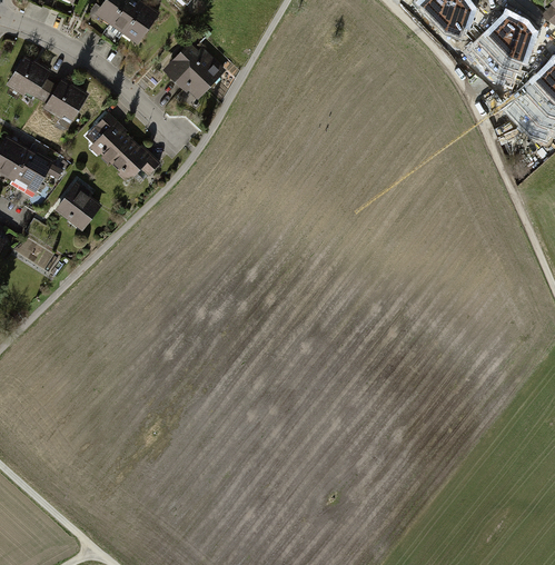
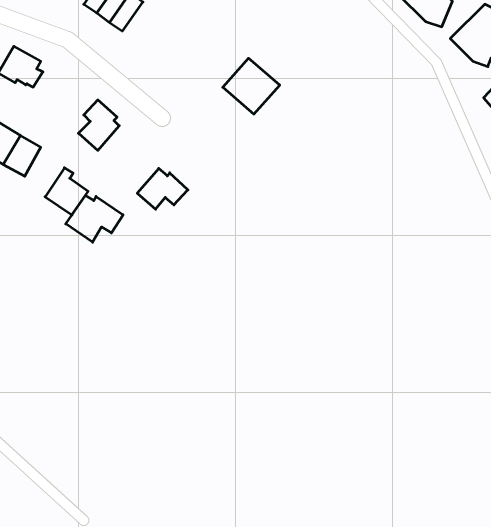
building: [165,41,224,99] -> [223,58,280,114]
building: [42,78,88,120] -> none
building: [109,139,161,181] -> [137,168,188,209]
building: none -> [66,196,123,242]

